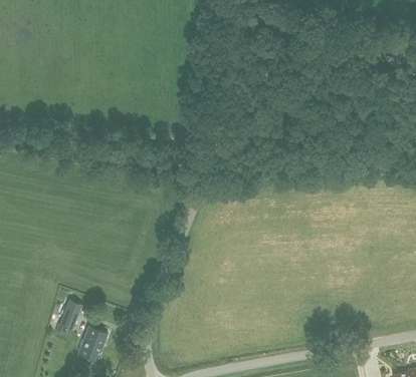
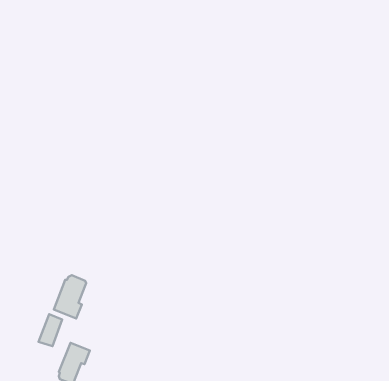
building: none -> [54,275,86,319]

